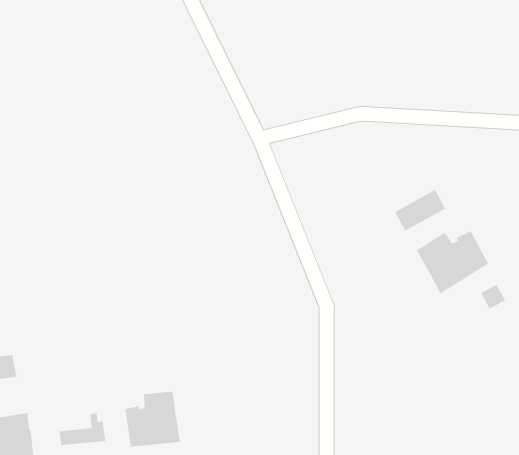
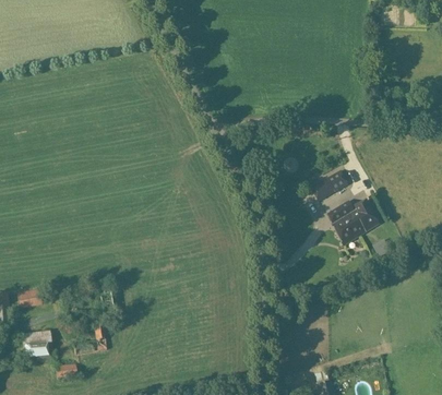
building: [124,391,181,448] -> none

